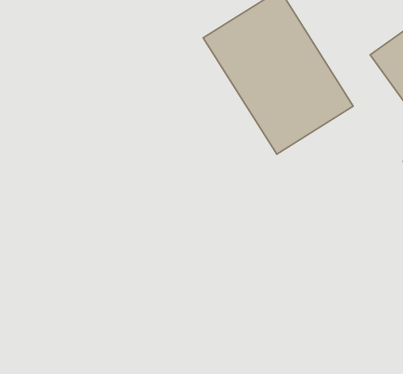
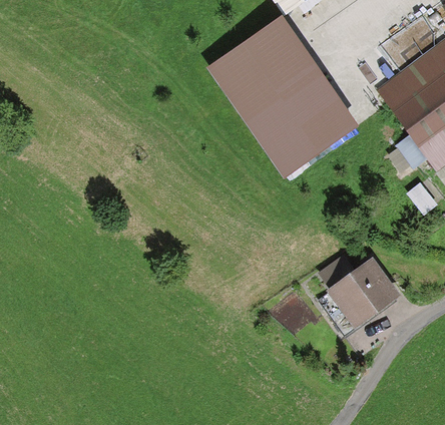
building: none -> [317,255,395,327]

